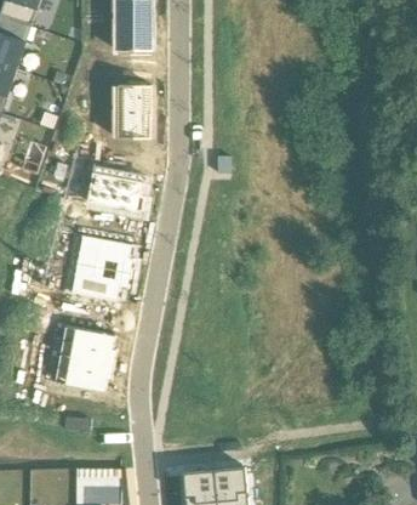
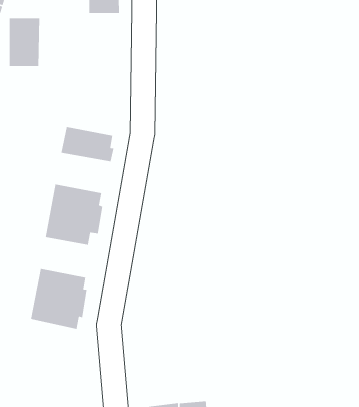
building: [116,85,150,138] -> [9,18,40,67]

